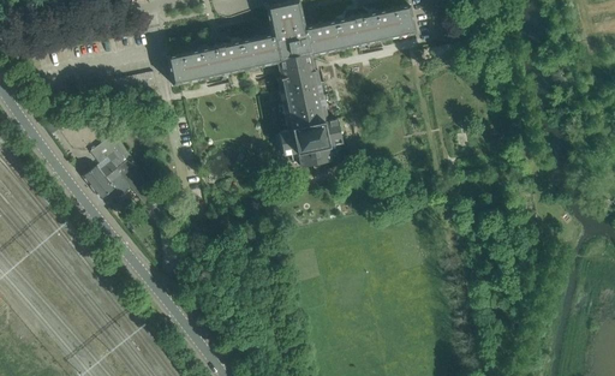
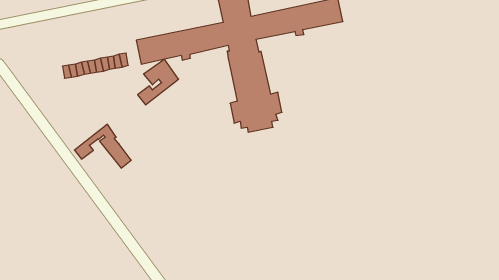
building: [80,135,130,190] -> [138,59,179,105]

